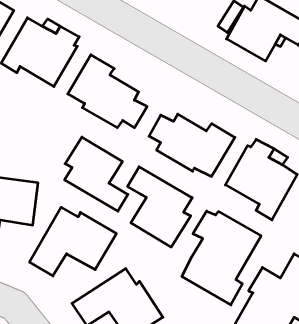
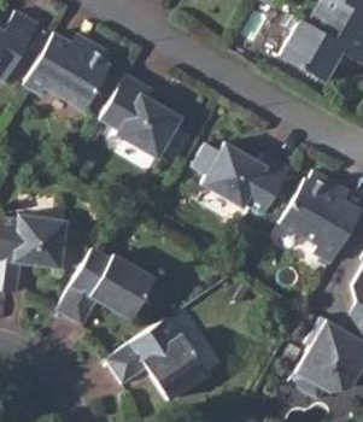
building: [65,137,128,211] -> none
building: [128,167,192,247] -> none
building: [182,211,261,305] -> none

